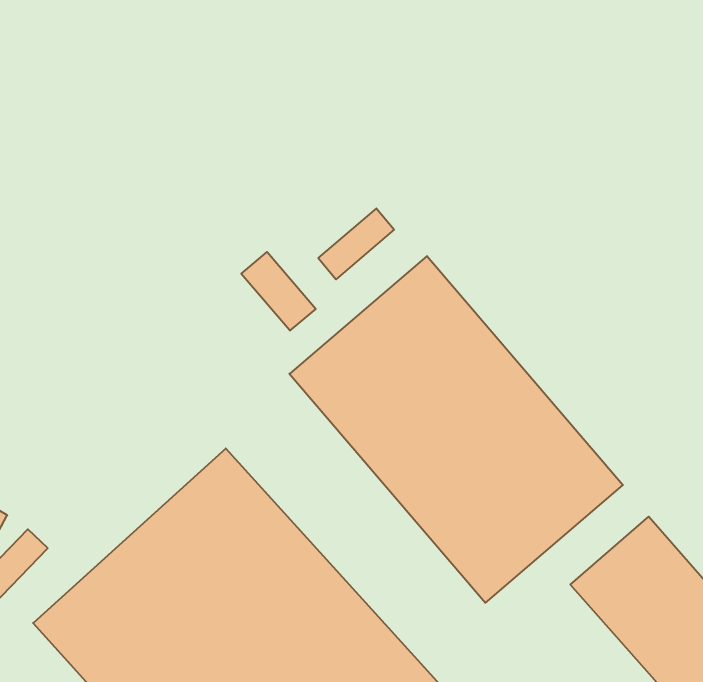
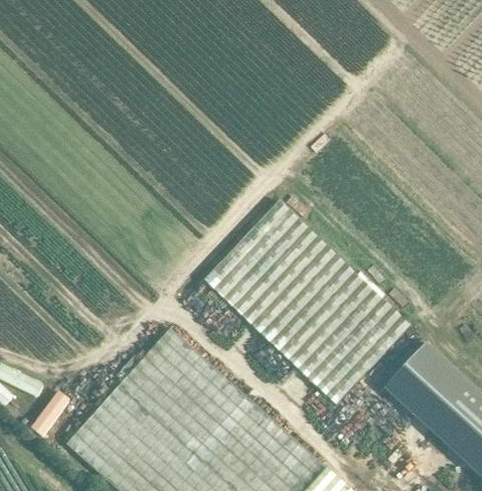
building: [318,208,394,279] -> none
building: [241,252,316,331] -> none

